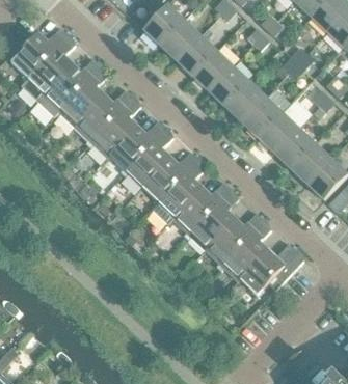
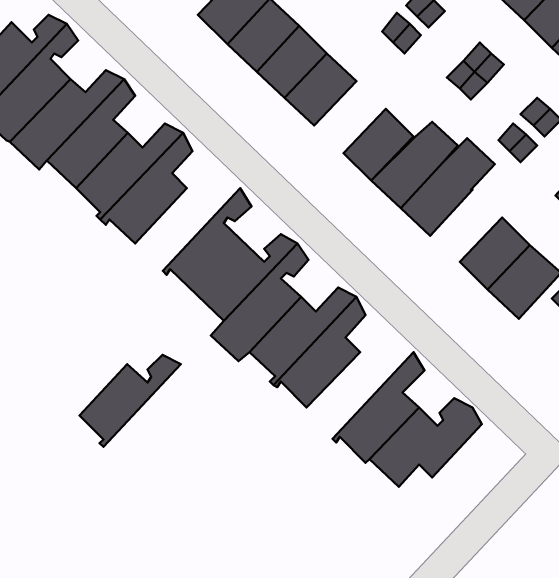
building: [209,66,249,107] -> none
building: [110,121,167,173] -> [79,355,181,447]
building: [274,128,315,168] -> none
building: [205,214,265,268] -> none

